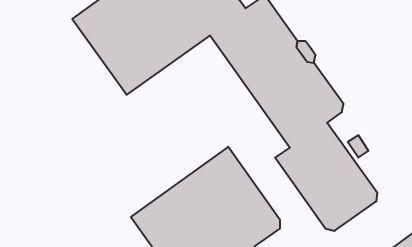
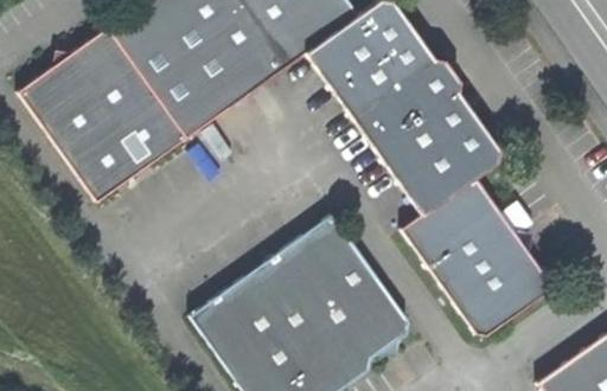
building: none -> [21,30,187,201]

